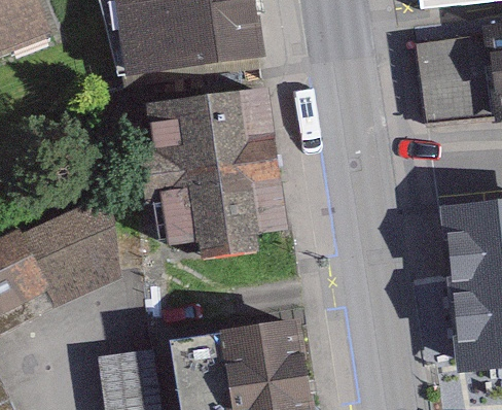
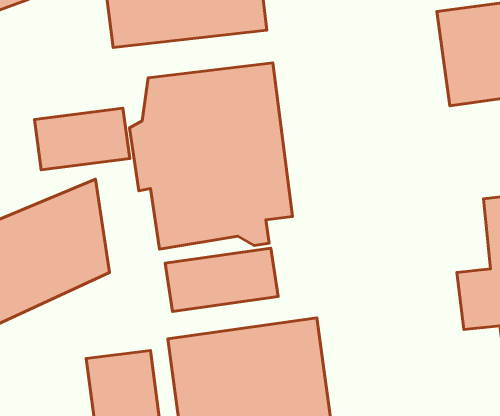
building: none -> [34,108,130,170]
building: none -> [165,248,278,311]

